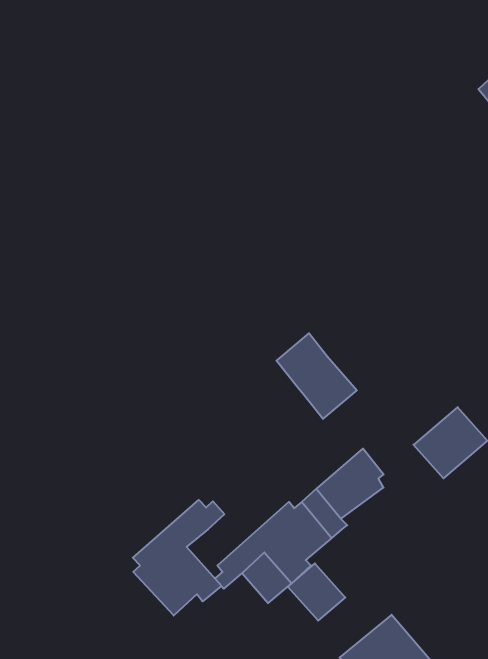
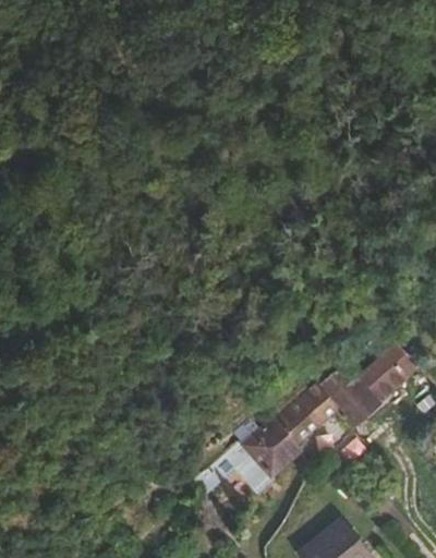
building: [276,333,357,419] -> [318,355,386,427]
building: [133,500,224,616] -> none
building: [288,563,345,621] -> none

